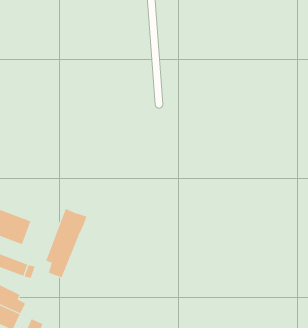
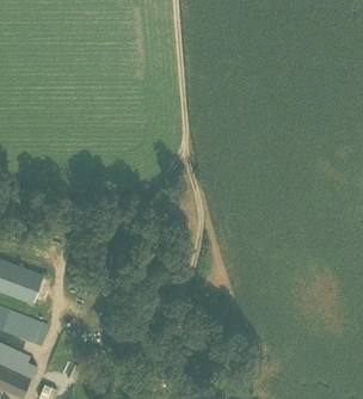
building: [46,208,87,278] -> none

